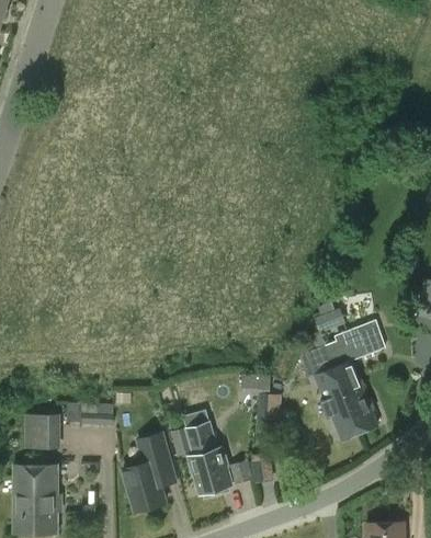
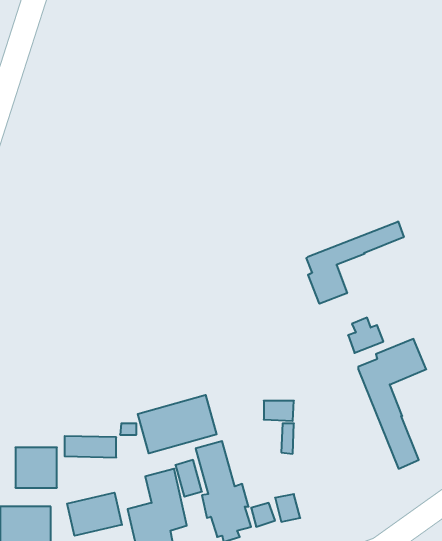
building: none -> [306,221,404,304]
building: [306,346,359,439] -> none
building: none -> [138,395,217,453]
building: none -> [67,493,122,536]

